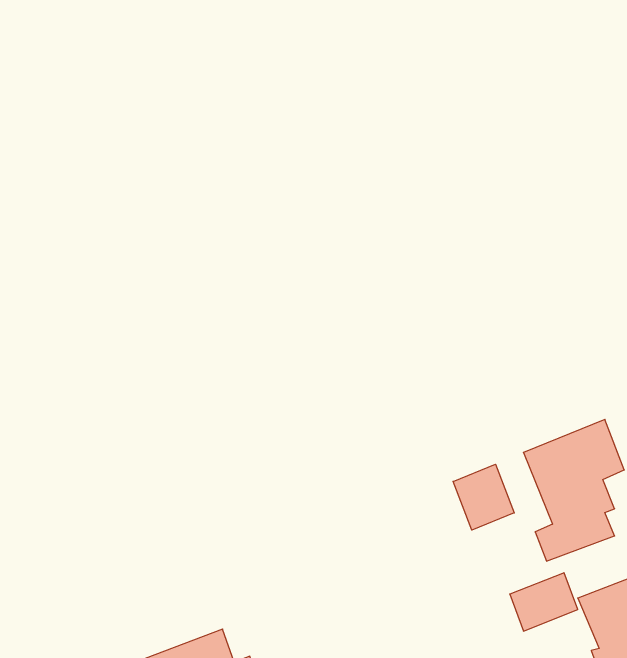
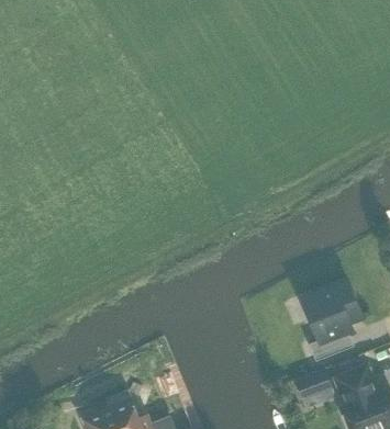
building: [453,464,514,530] -> none

